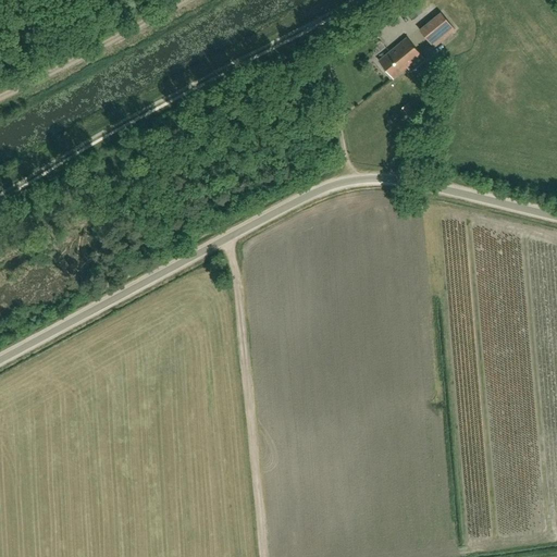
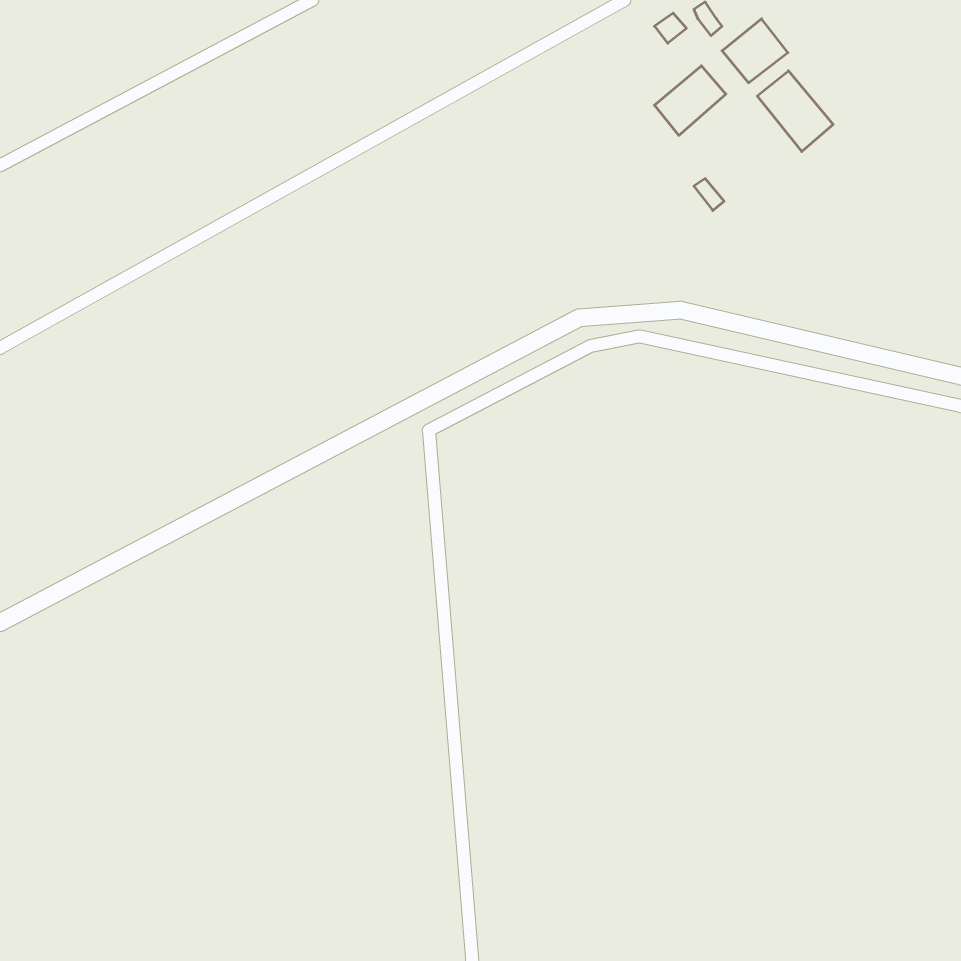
building: none -> [757,71,833,152]

